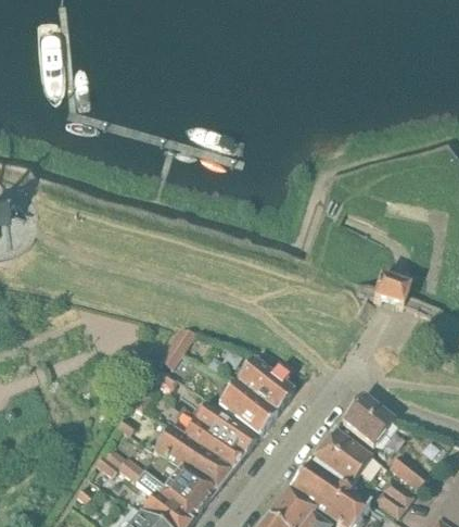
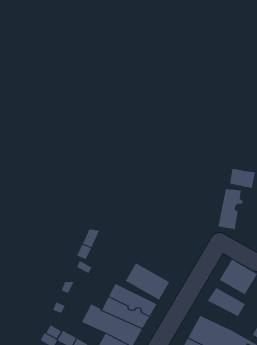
building: none -> [218,188,243,230]
building: [234,360,293,414] -> none
building: [308,446,358,488] -> none

